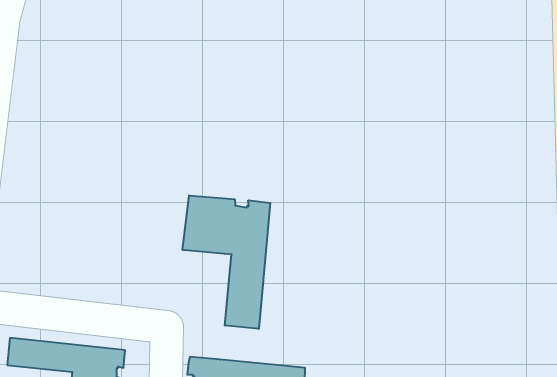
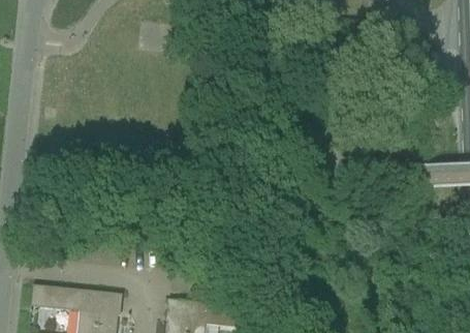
building: [183,195,270,329] -> none

